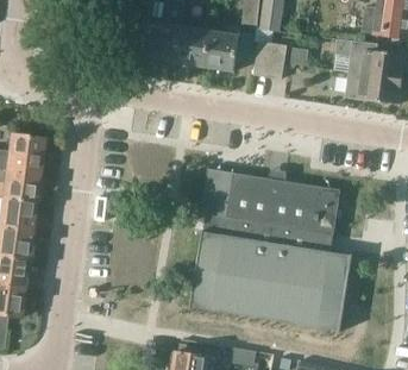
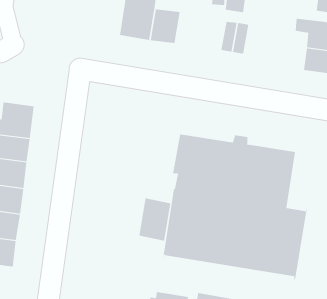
building: [202,26,239,73] -> none
building: none -> [139,197,171,242]

